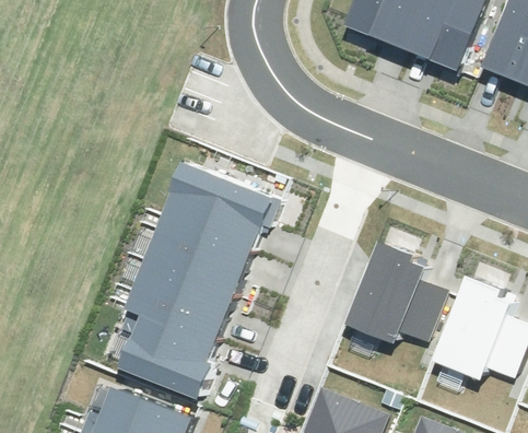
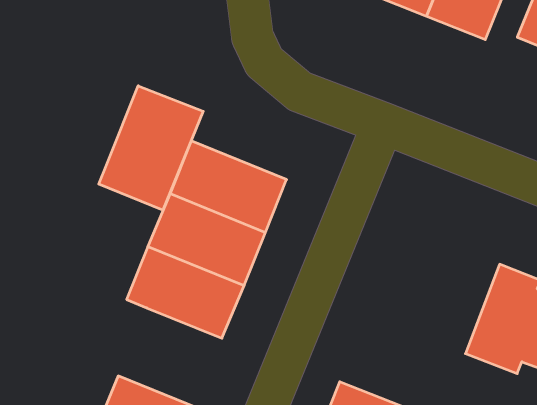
building: none -> [99,86,203,210]
building: [345,239,442,341] -> none
building: [120,318,211,398] -> none

